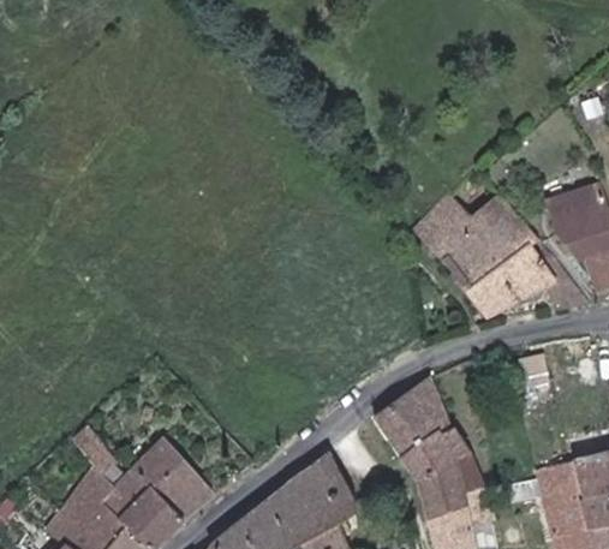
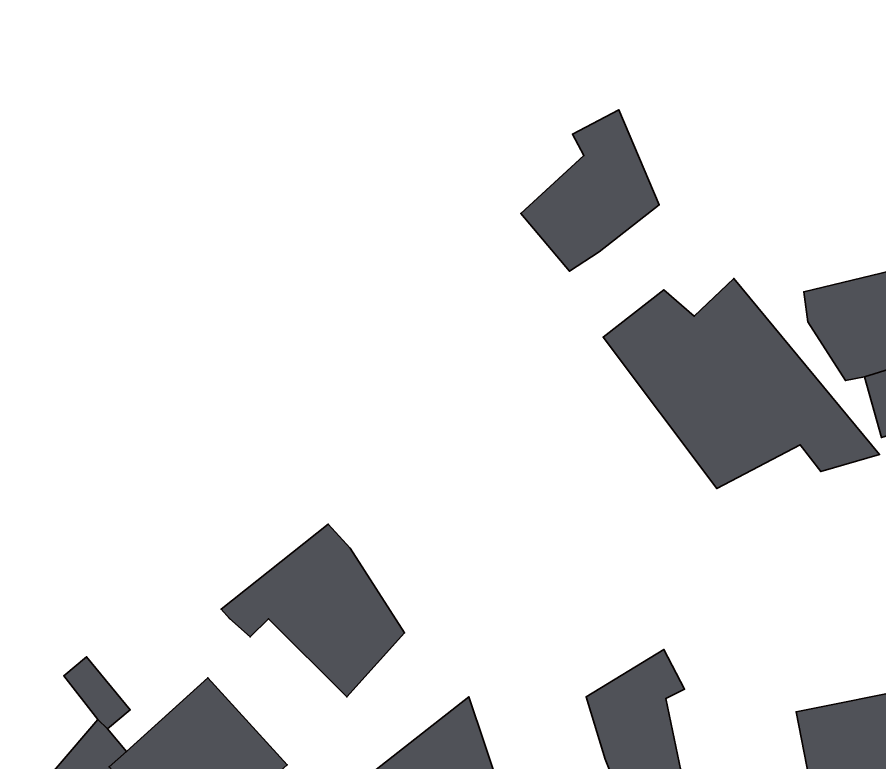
building: none -> [521,110,659,271]
building: none -> [221,524,404,697]
building: [376,380,454,454] -> none

